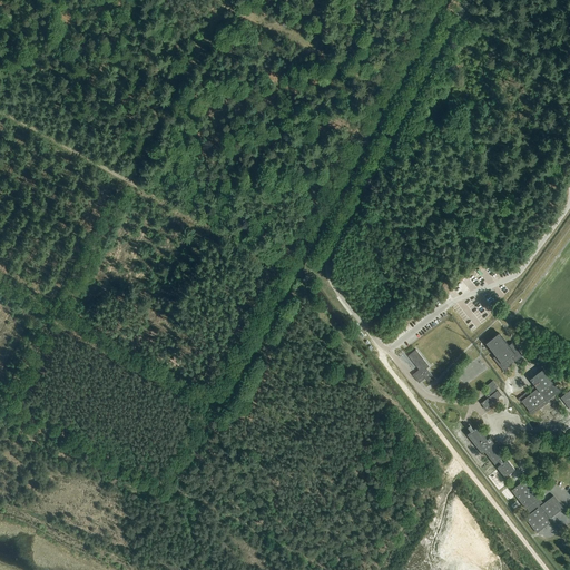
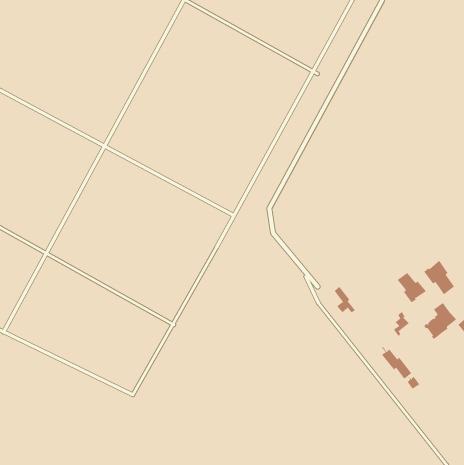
building: none -> [423,260,455,295]
building: [512,480,564,533] -> none

